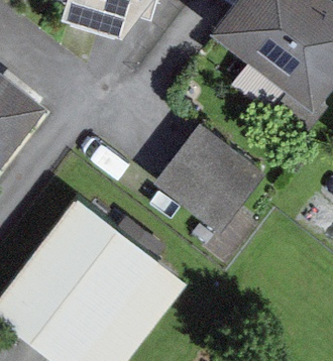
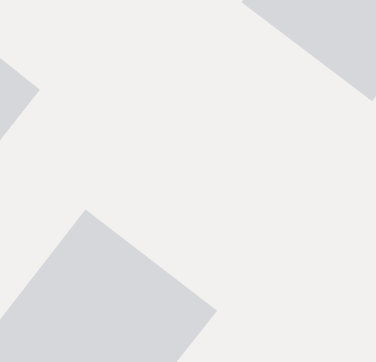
building: [159,125,269,234] -> none

